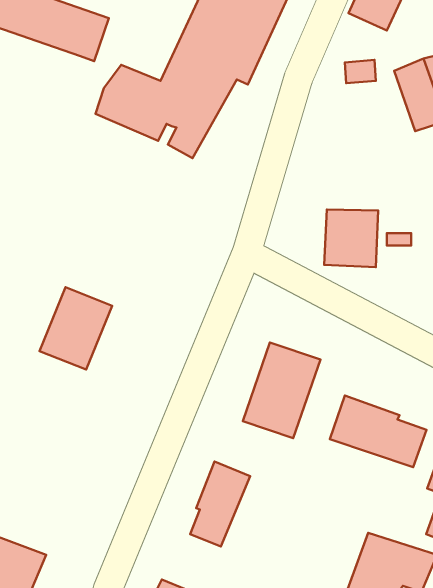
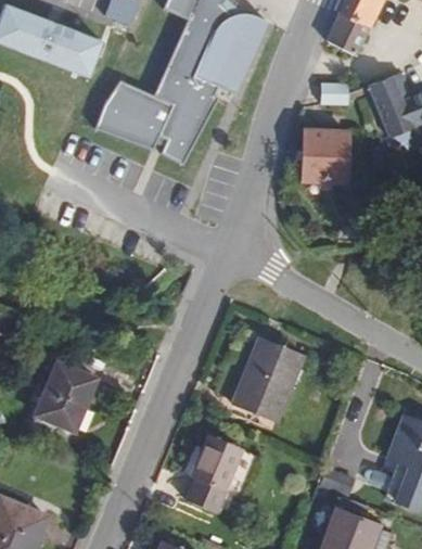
building: [324,209,378,267] -> [299,129,347,180]
building: [40,287,112,370] -> [41,368,105,441]
building: [330,395,426,467] -> none

